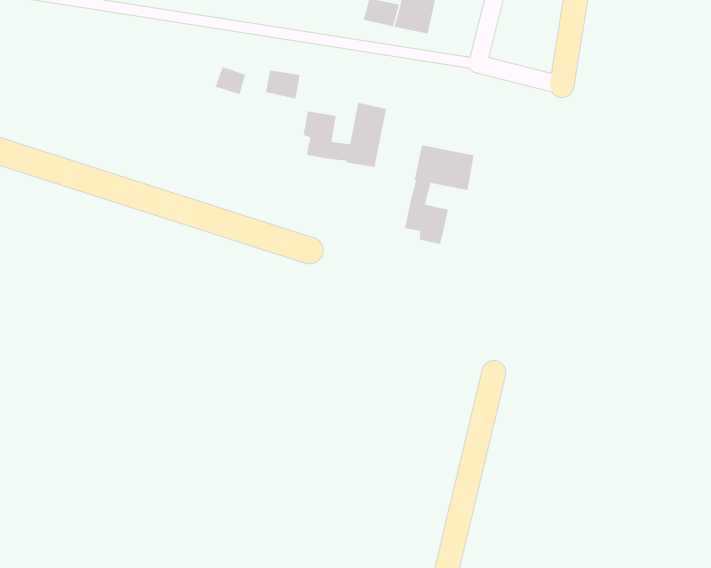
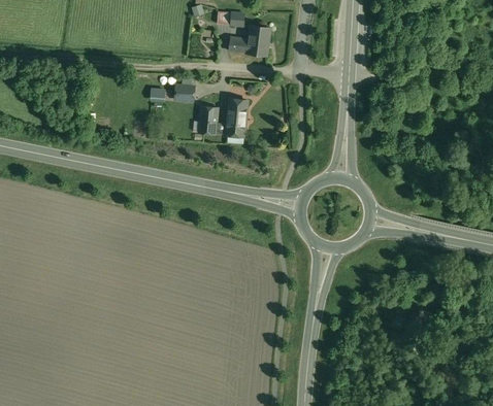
building: [404,145,474,245] -> none

